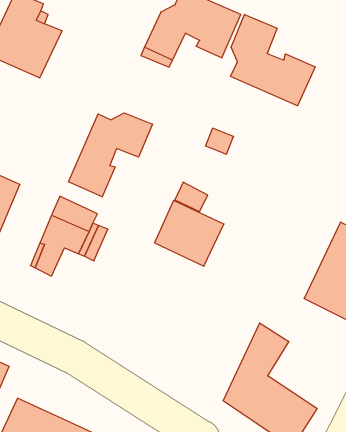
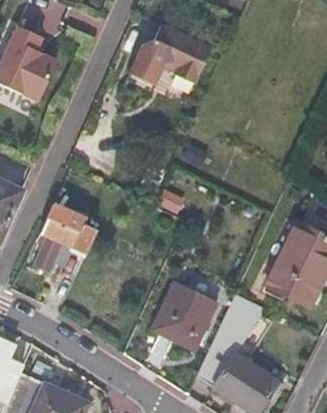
building: [231,14,315,106] -> none
building: [68,113,152,197] -> none
building: [155,201,224,266] -> [150,294,210,350]

